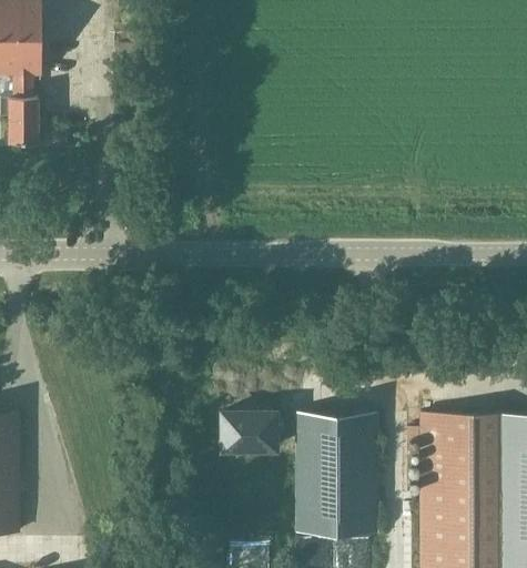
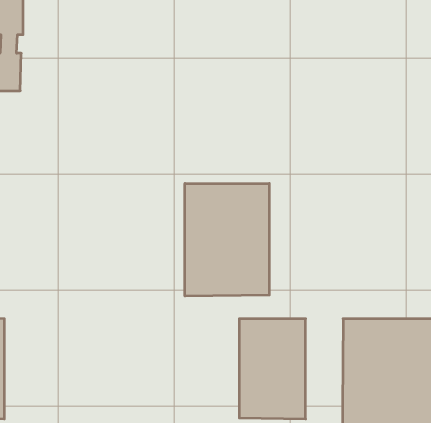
building: none -> [185,183,269,296]
building: [222,414,274,450] -> none

